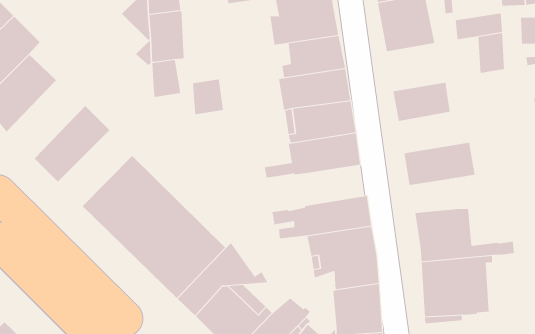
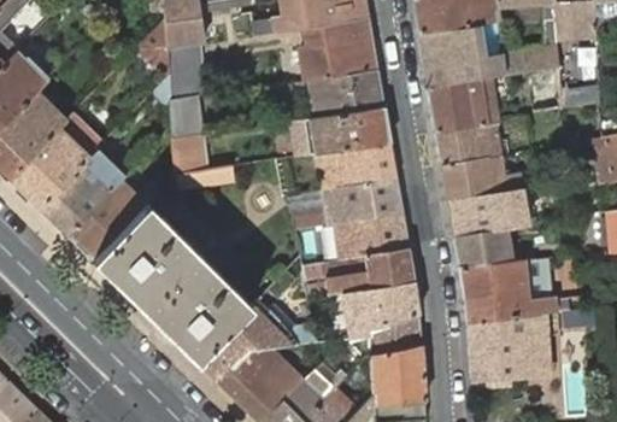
building: none -> [429,78,499,133]
building: none -> [10,113,104,207]
building: [192,79,224,115] -> [172,135,207,175]
building: none -> [442,156,522,201]
building: none -> [66,181,160,260]
building: none -> [337,215,409,259]
building: none -> [454,229,511,268]

